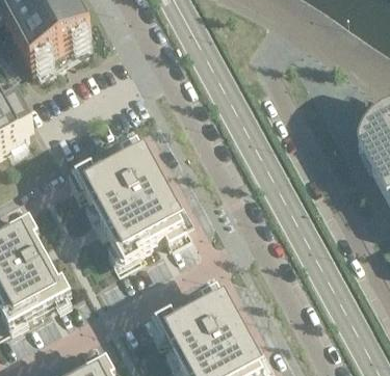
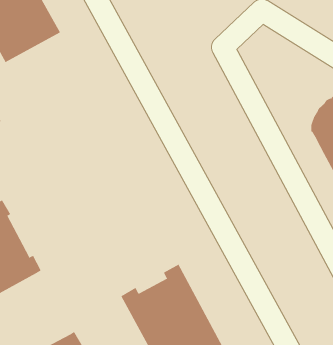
building: [75,137,187,263] -> none

